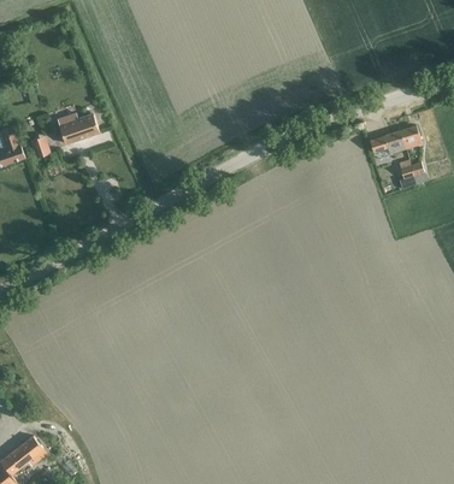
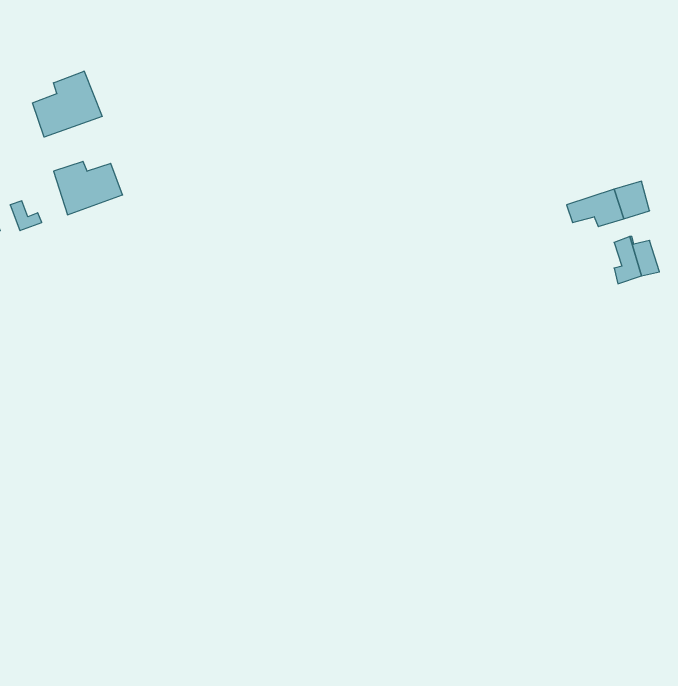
building: none -> [32,71,102,137]

